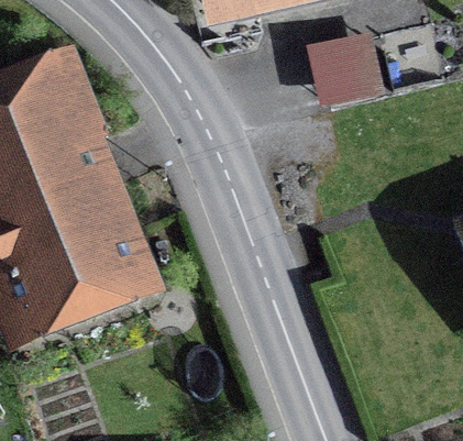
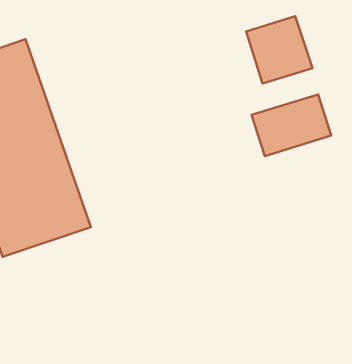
building: none -> [251,95,331,156]

